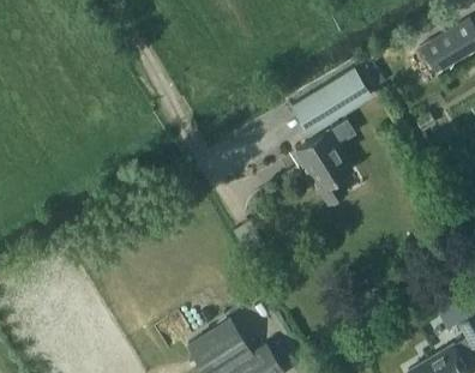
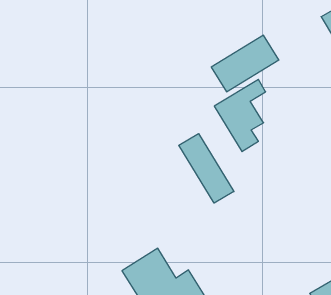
building: none -> [179,134,234,203]

